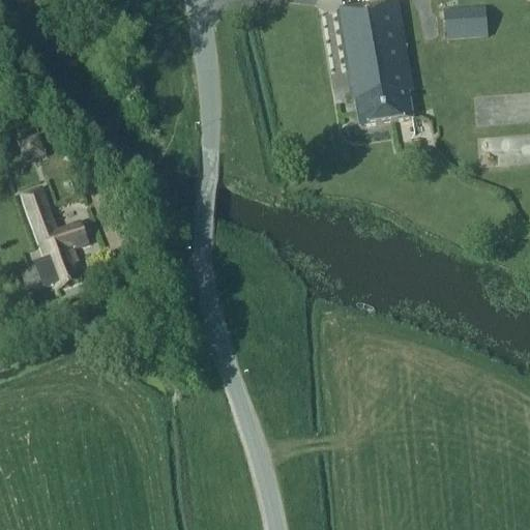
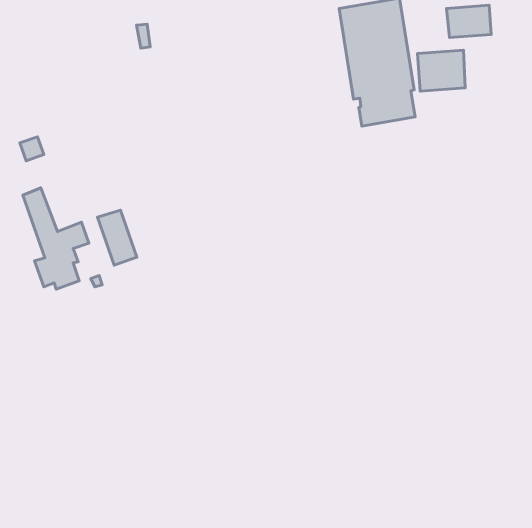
building: none -> [418,50,465,91]
building: none -> [97,210,137,265]

